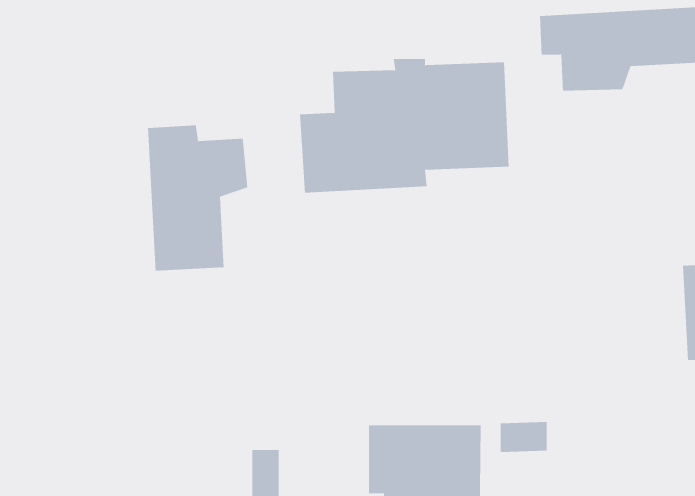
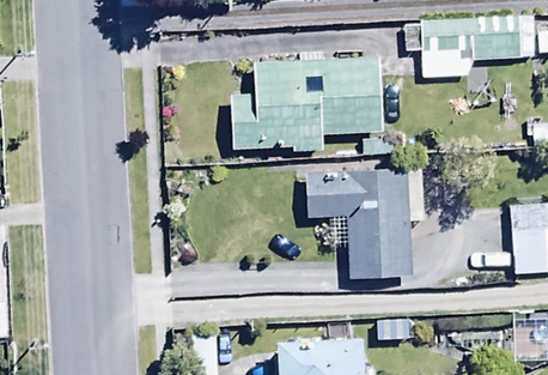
building: [148,124,248,271] -> none
building: none -> [305,165,425,279]

